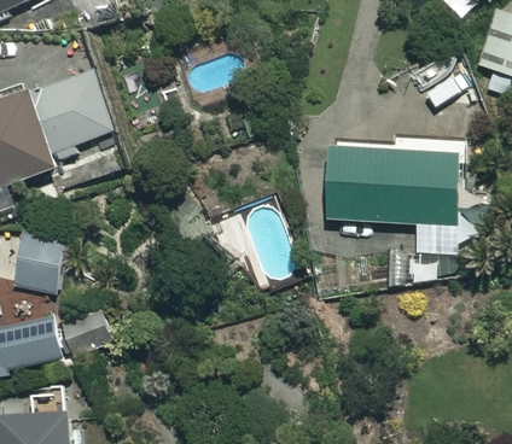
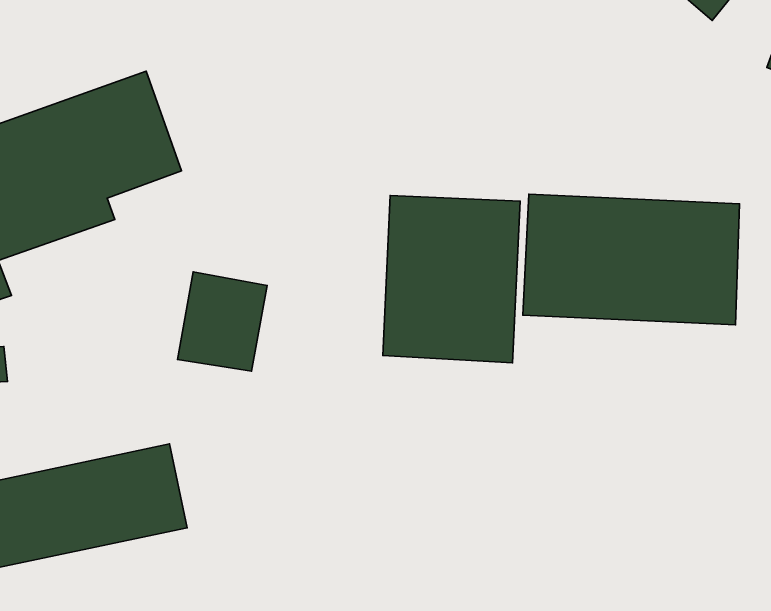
building: none -> [383,195,520,363]
building: [12,230,68,292] -> [177,272,267,371]

